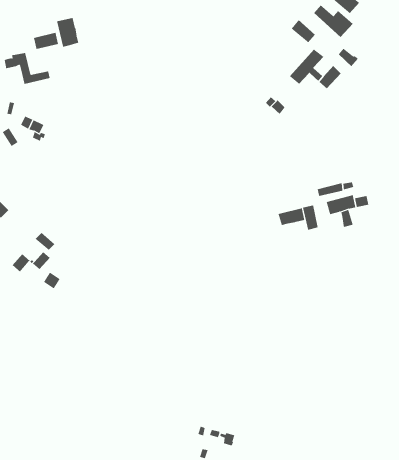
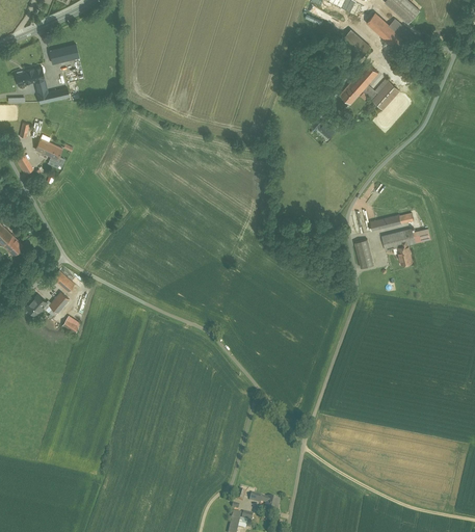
building: [56,17,79,48] -> none
building: [278,208,305,226] -> none

